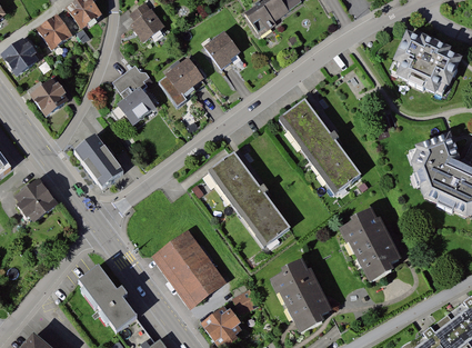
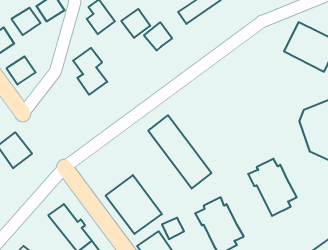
building: [164,58,202,96] -> [121,9,150,38]
building: [279,99,361,193] -> none
building: [74,132,124,186] -> none

